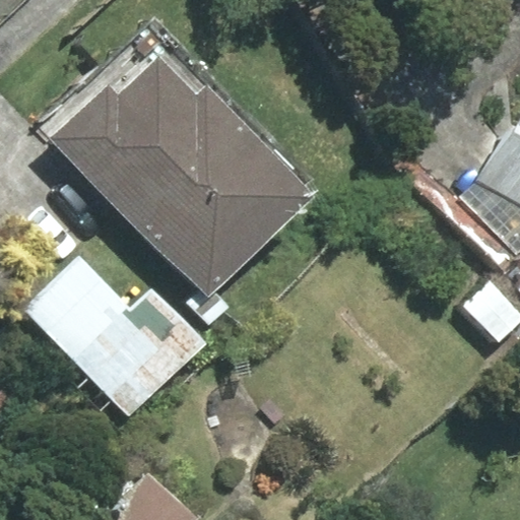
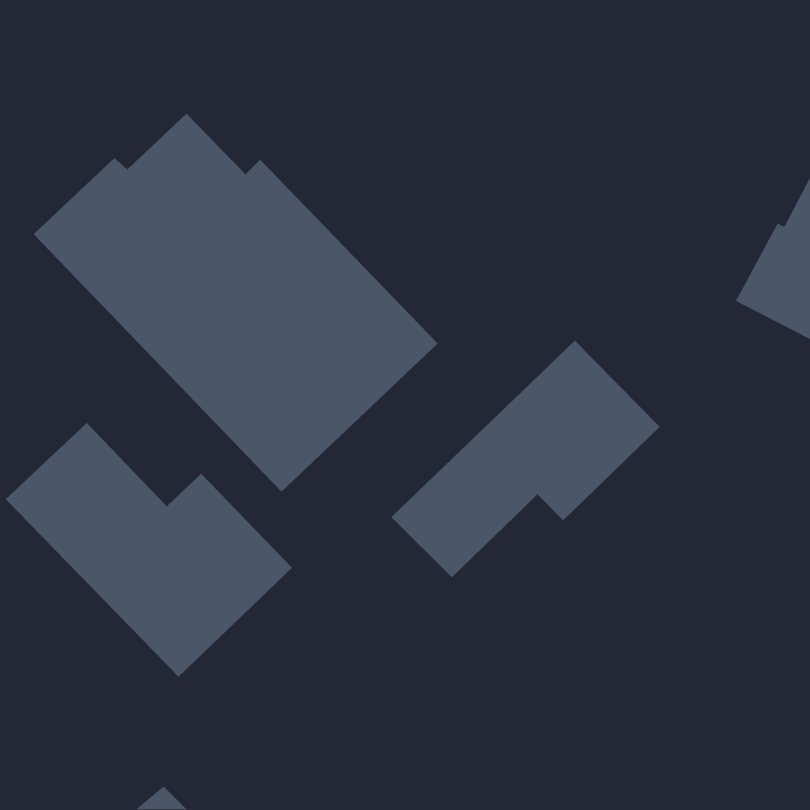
building: none -> [391,340,661,578]

